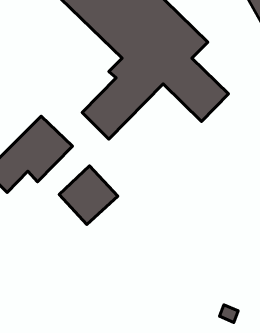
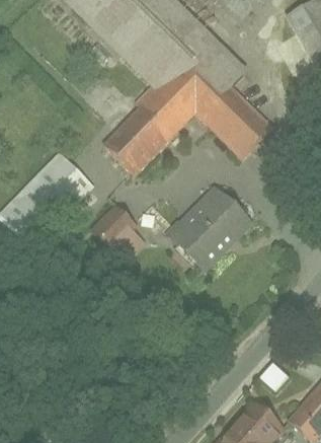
building: none -> [168,187,254,274]

